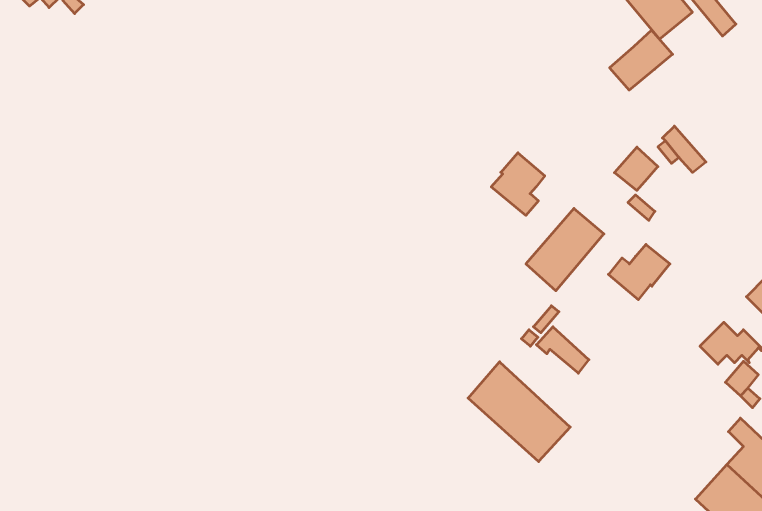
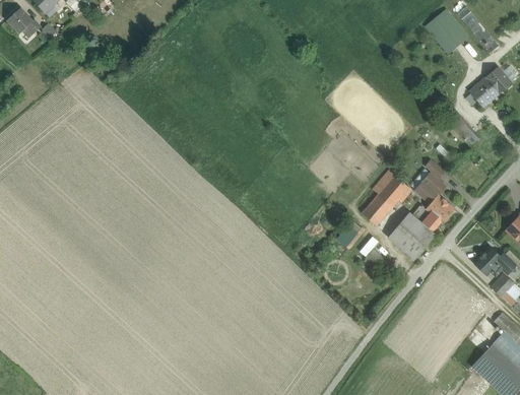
building: [610,30,673,90] -> [469,66,512,107]
building: [614,147,658,190] -> [415,173,445,202]
building: [491,153,545,215] -> none
building: none -> [388,211,436,259]
building: [468,362,570,462] -> none

